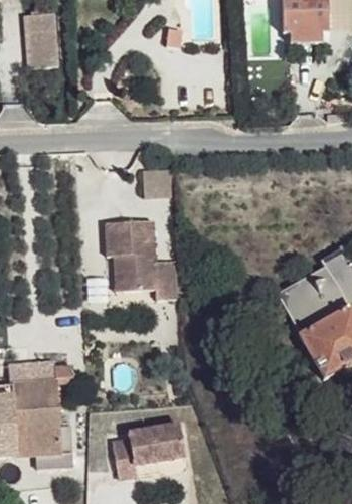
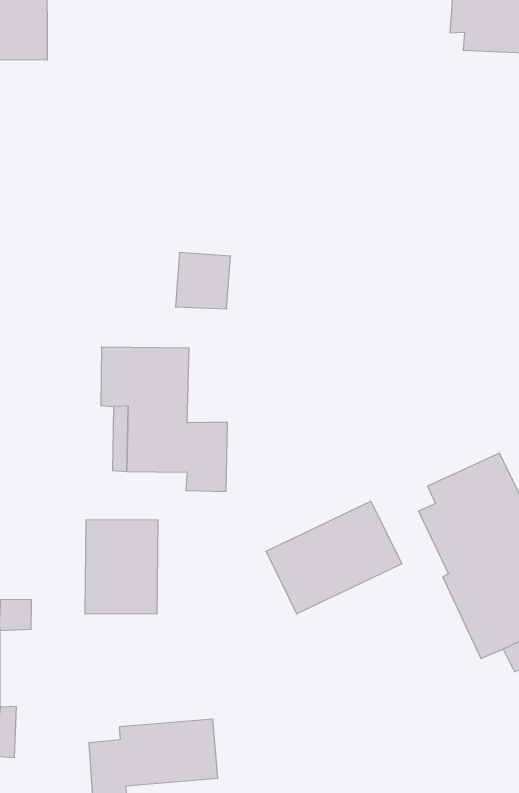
building: none -> [266,501,402,614]
building: none -> [85,520,158,614]

